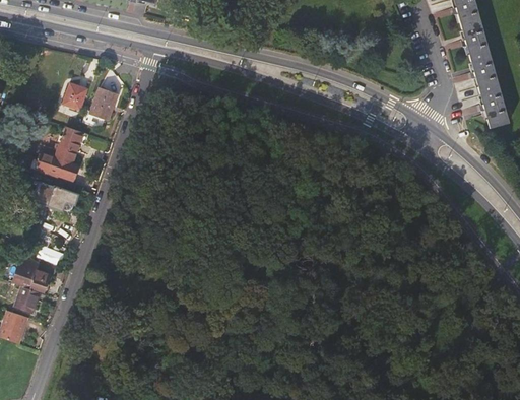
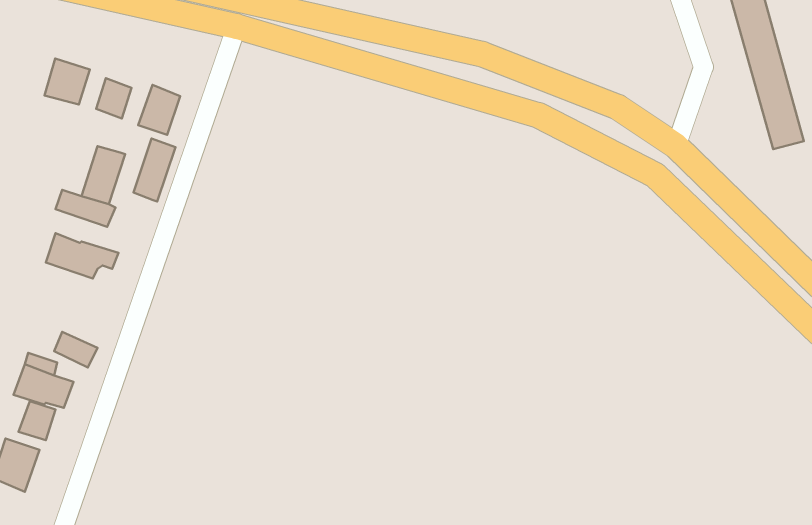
building: none -> [45,59,90,104]
building: none -> [134,138,175,201]

